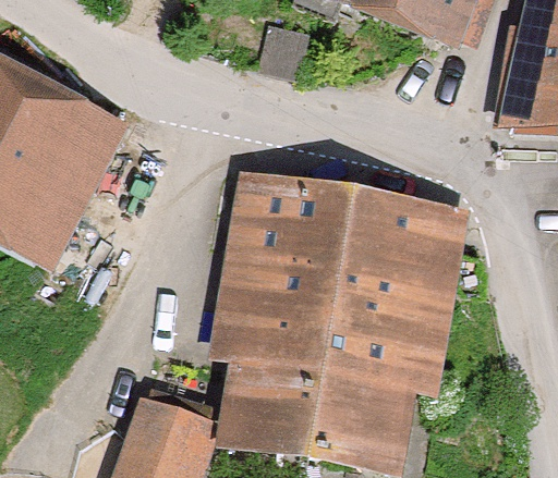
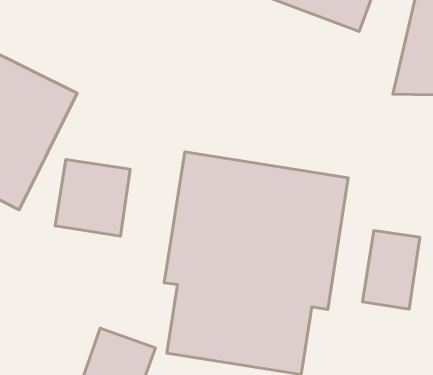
building: none -> [55,159,130,236]
building: none -> [363,230,420,309]

